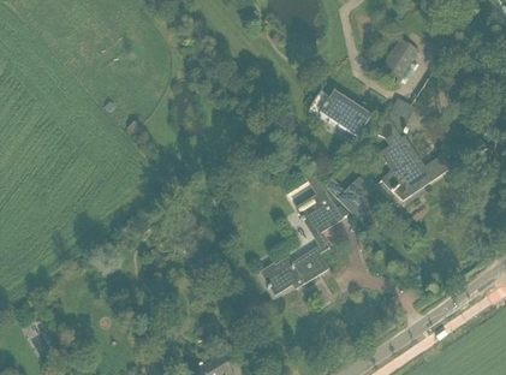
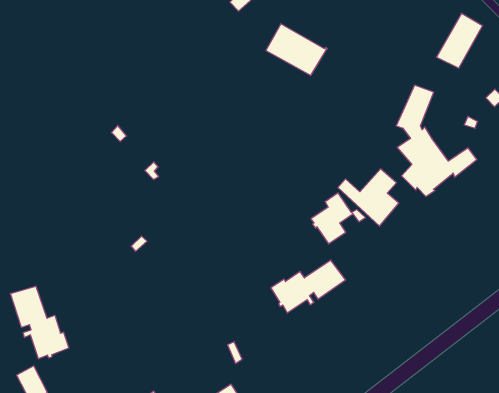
building: [377,37,419,85] -> [436,13,483,68]
building: [320,90,374,137] -> [266,24,327,75]
building: none -> [10,286,69,359]

